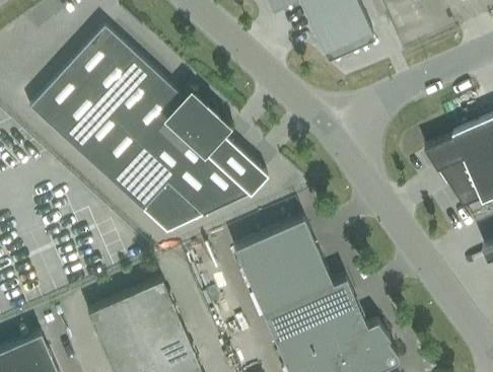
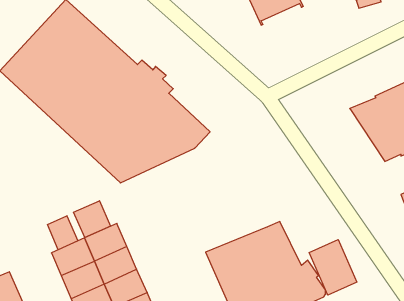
building: [235,218,333,312] -> none
building: none -> [74,201,111,238]
building: none -> [47,216,78,250]
building: none -> [309,240,357,295]

